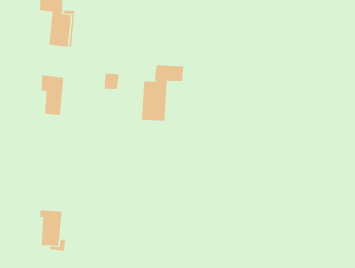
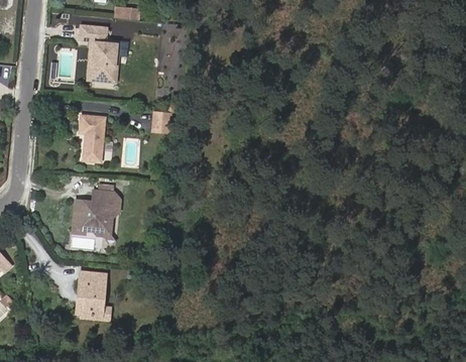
building: [141,65,184,121] -> none
building: none -> [71,183,118,235]

